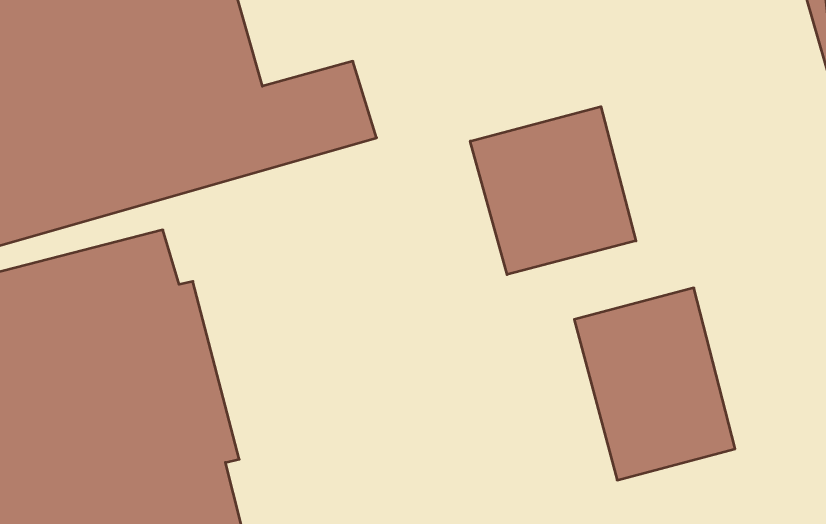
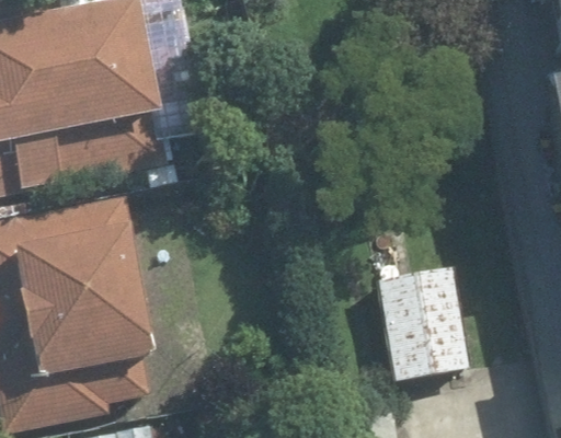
building: [470,107,636,275] -> none

